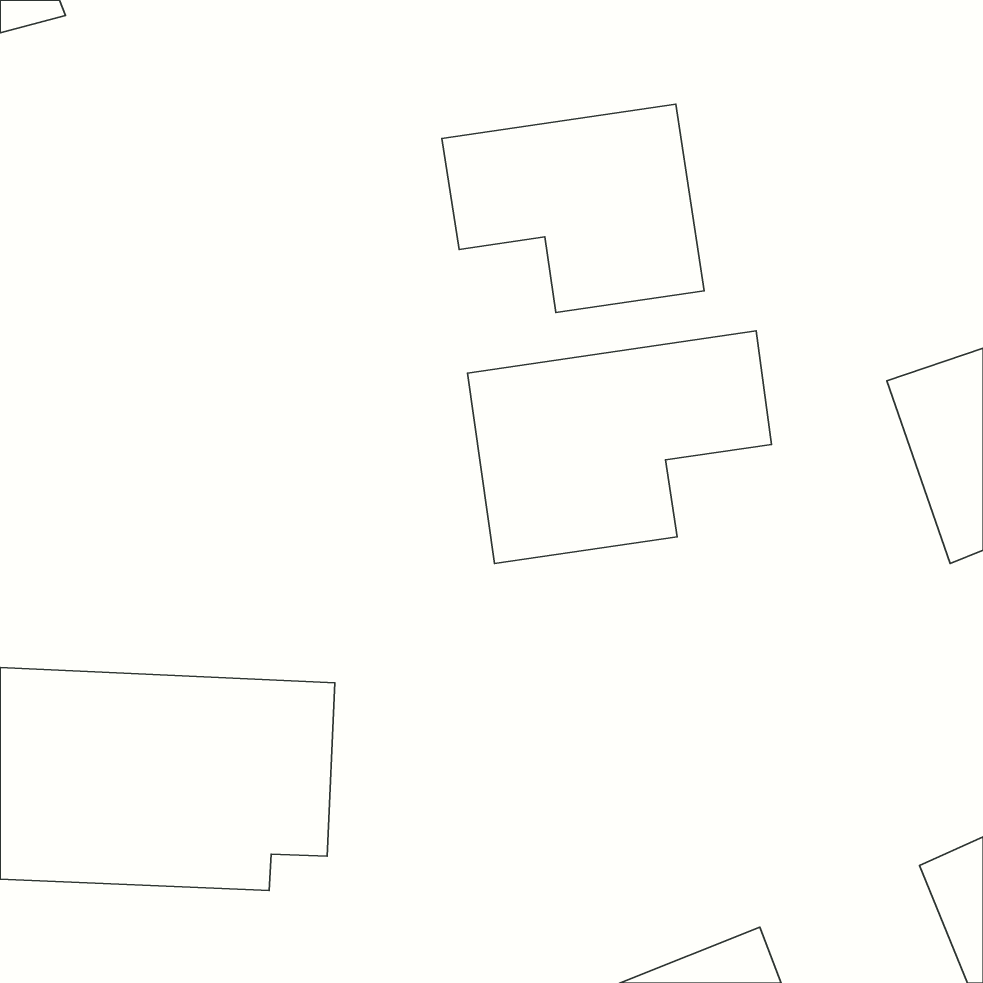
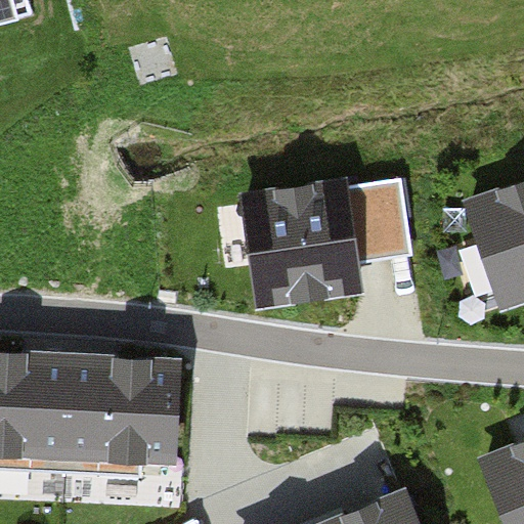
building: [442,104,704,312] -> none

